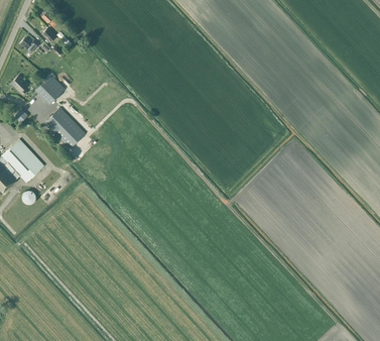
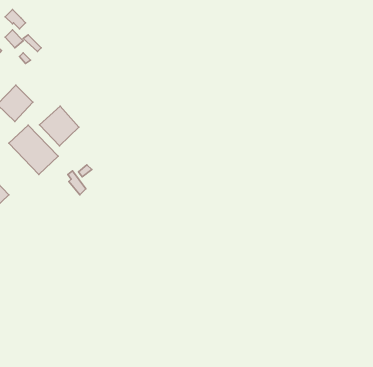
building: none -> [39,106,79,146]

